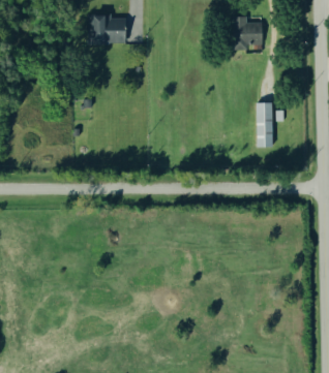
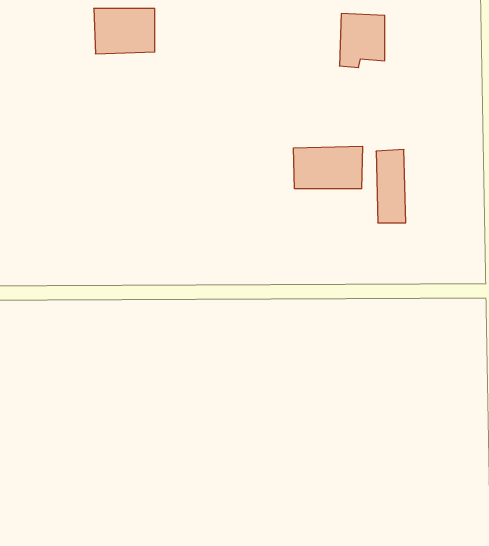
building: none -> [294,146,362,189]

